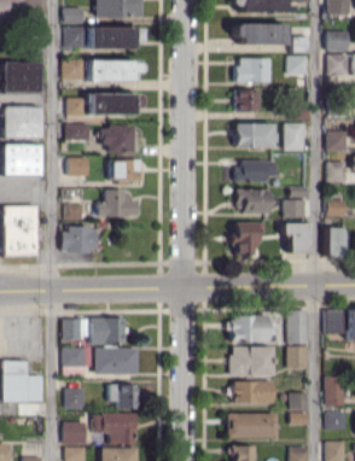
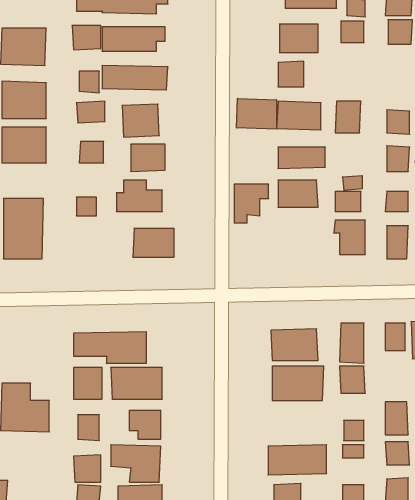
building: none -> [237,98,277,129]
building: [234,222,263,255] -> [234,184,269,223]
building: [62,228,97,252] -> [133,228,174,257]
building: [233,380,273,403] -> none

